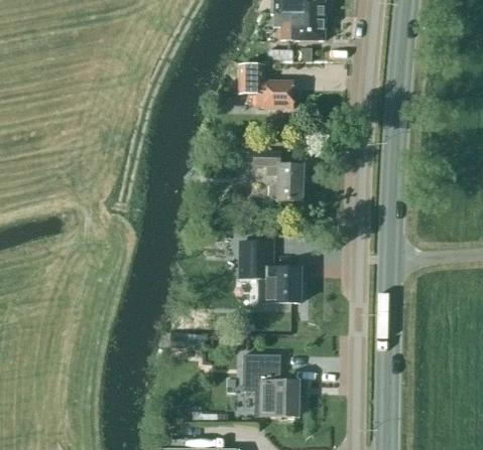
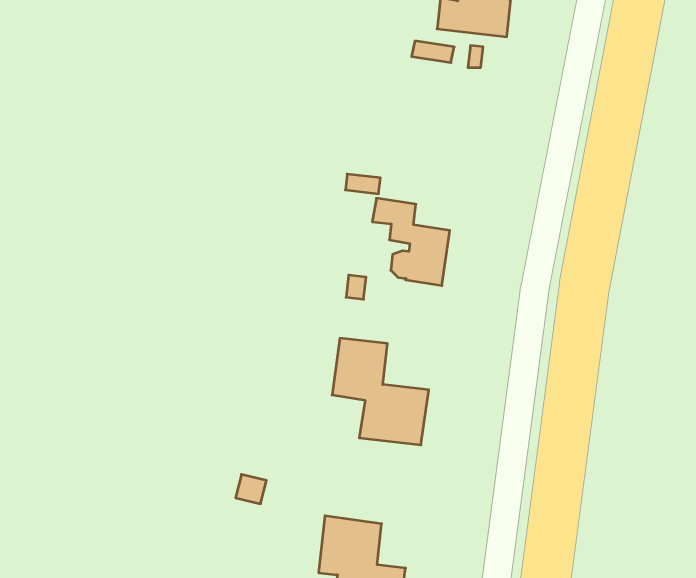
building: [239,64,293,107] -> none

